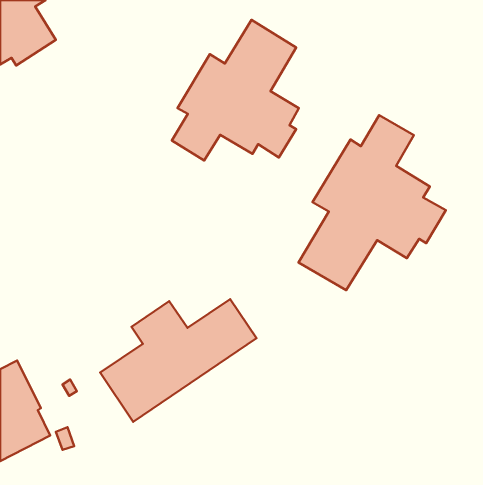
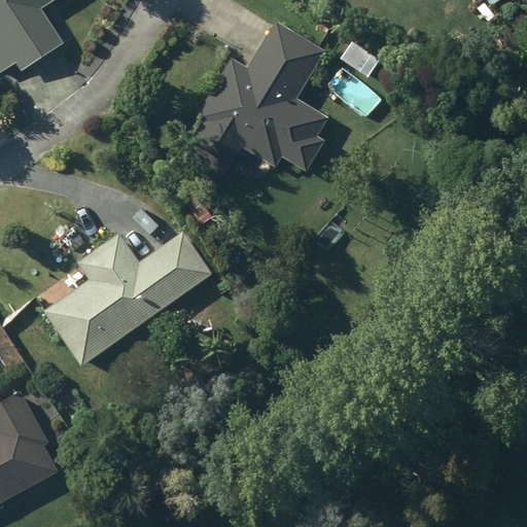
building: [299,115,446,290] -> none
building: [100,299,257,422] -> [42,233,212,365]

